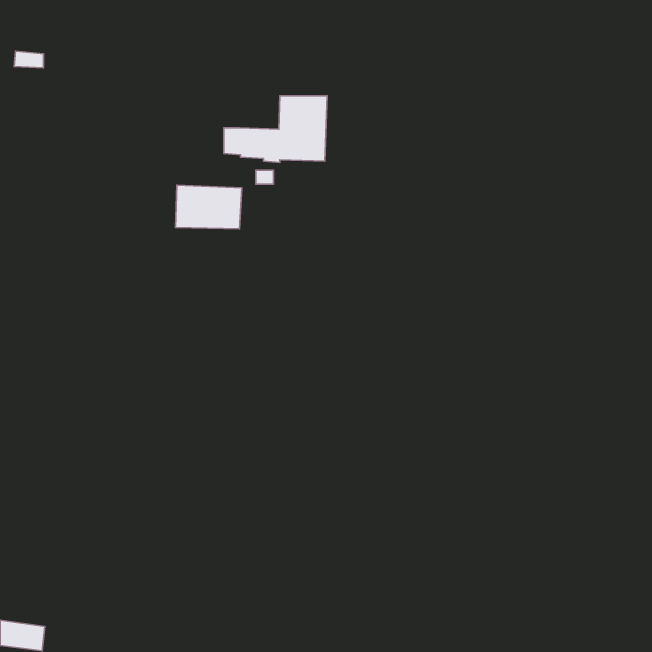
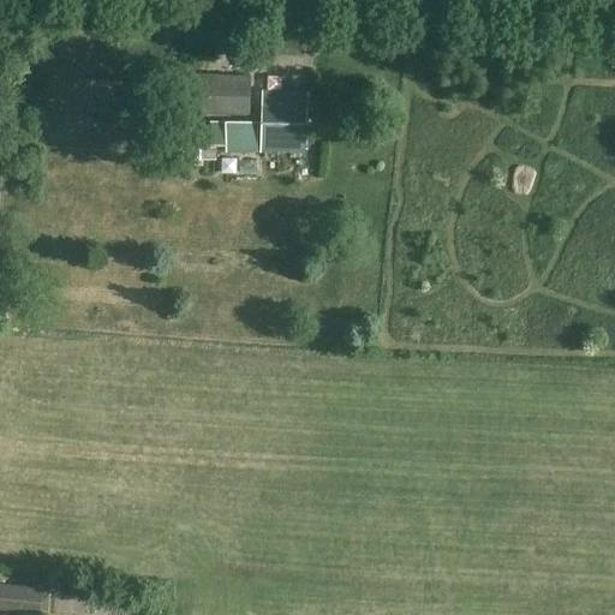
building: [175,185,242,229] -> [189,73,251,114]

